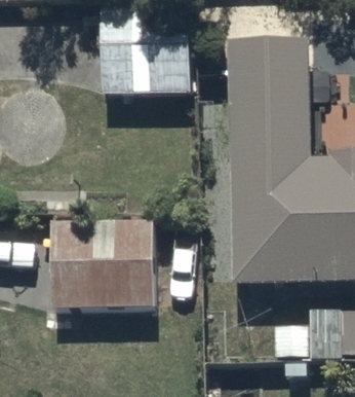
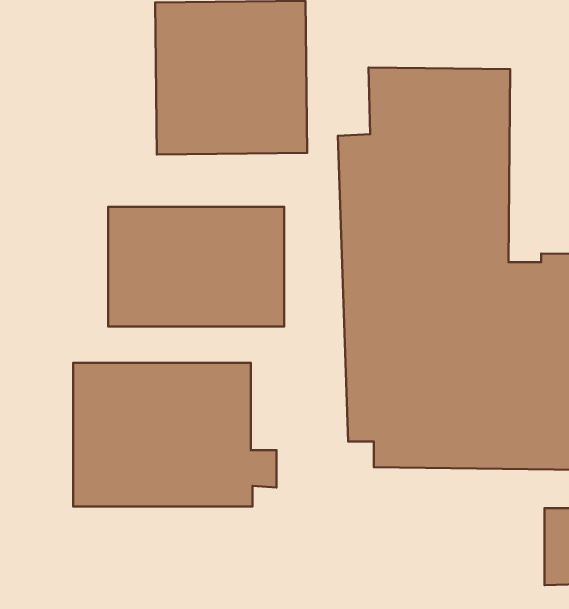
building: none -> [108,207,284,326]

